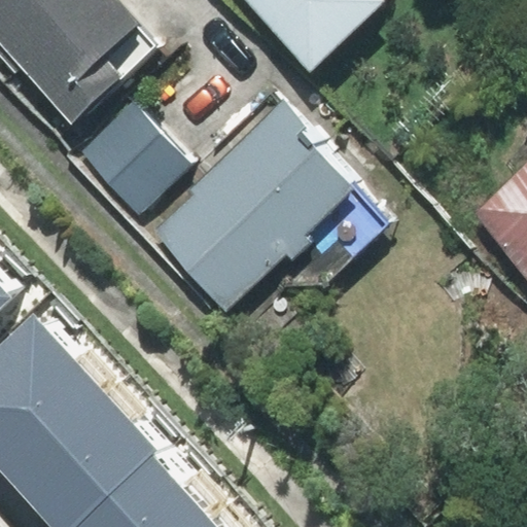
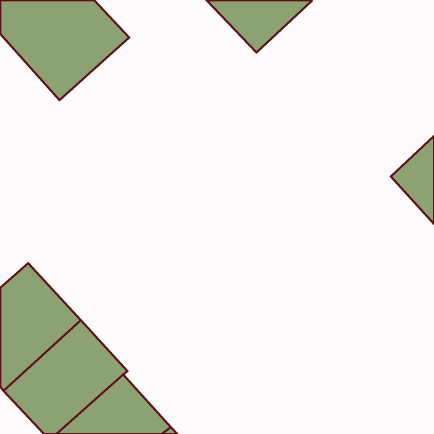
building: [151,102,344,308] -> none
building: [81,103,190,212] -> none

